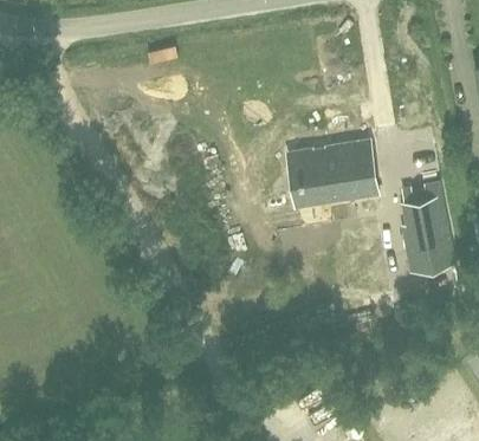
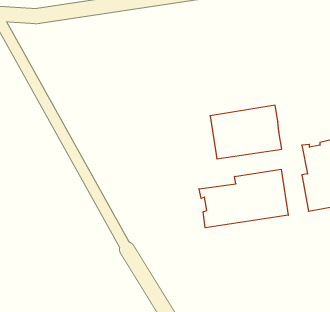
building: none -> [199,169,288,228]

